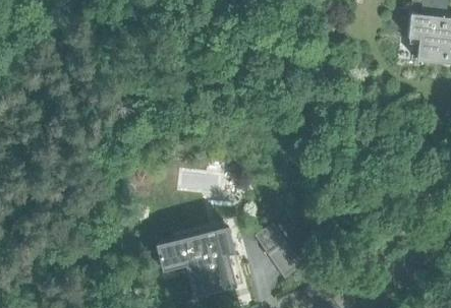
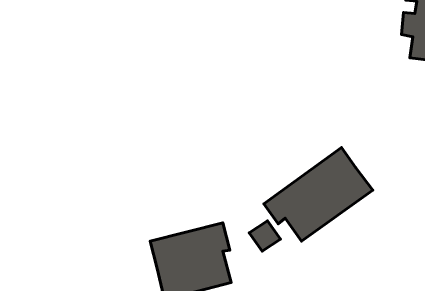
building: none -> [264,148,373,241]

